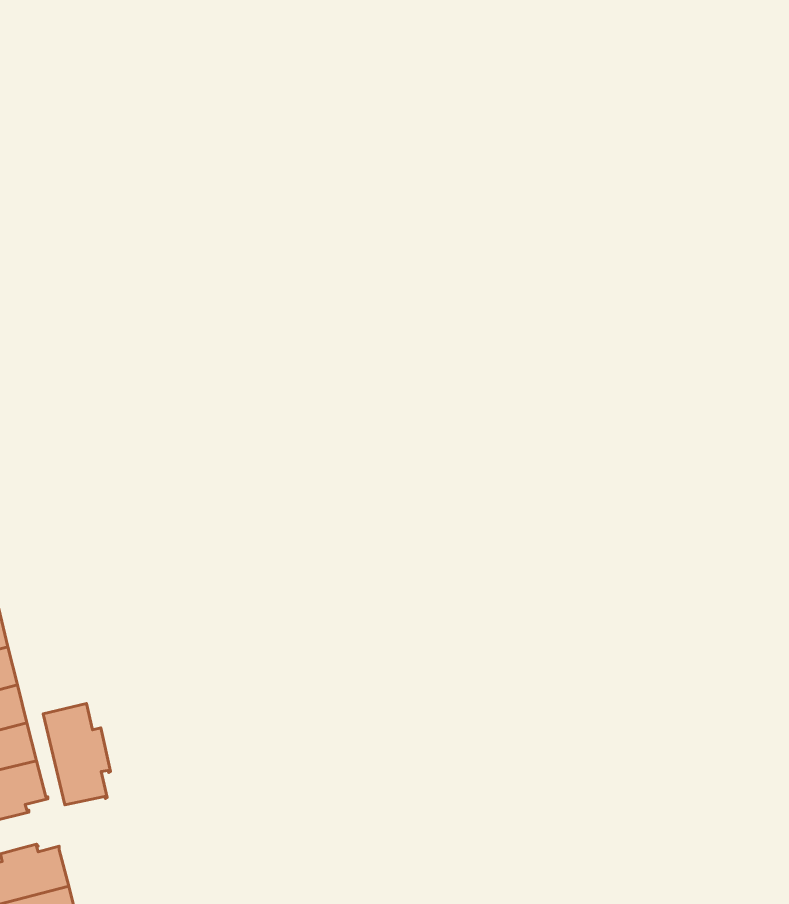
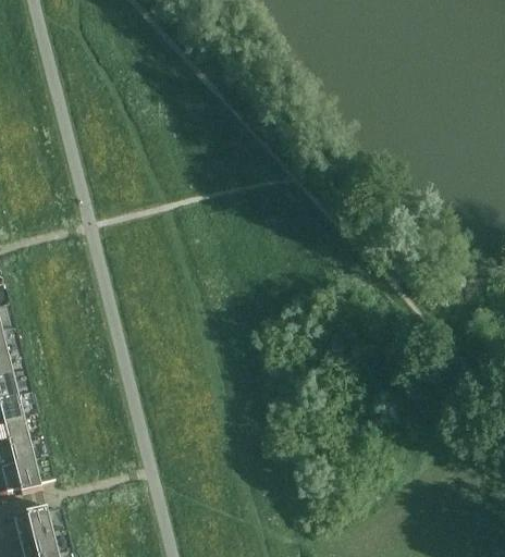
building: [43,704,111,805] -> none

